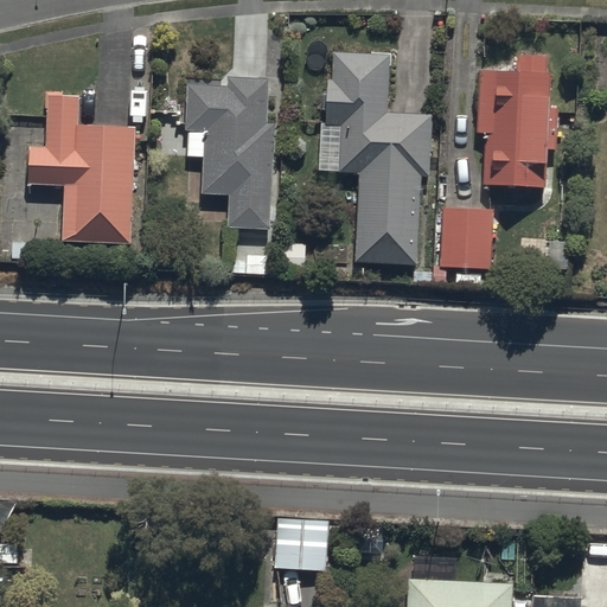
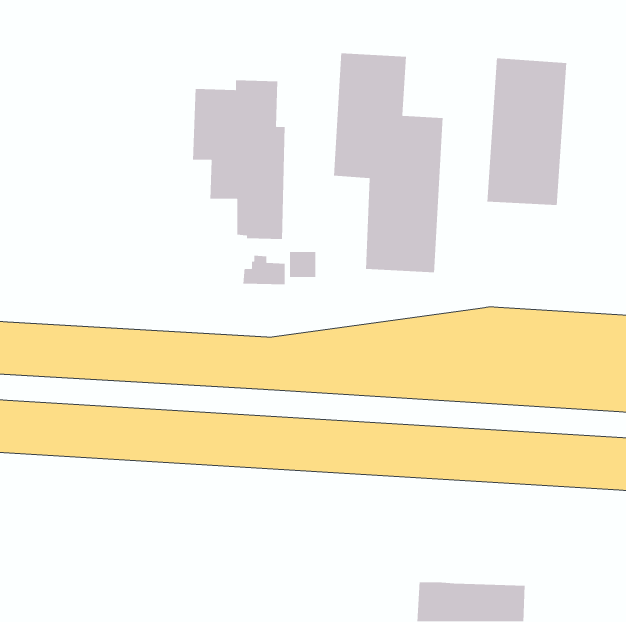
building: [28,91,136,243] -> none
building: [434,207,493,285] -> none
building: [275,524,330,569] -> none

